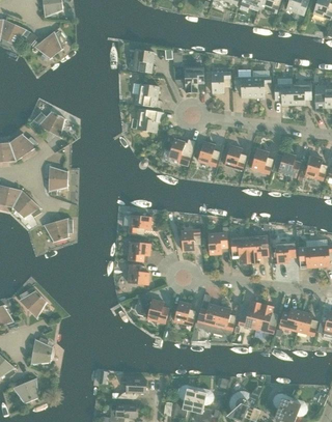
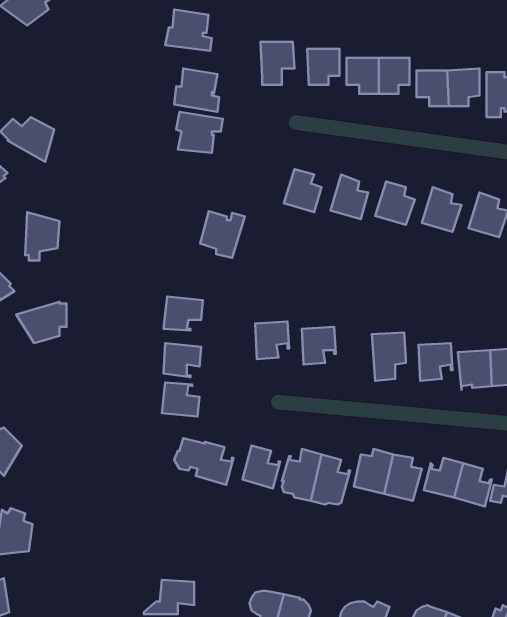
building: [168,138,194,165] -> [200,211,245,258]
building: [230,236,250,263] -> none

